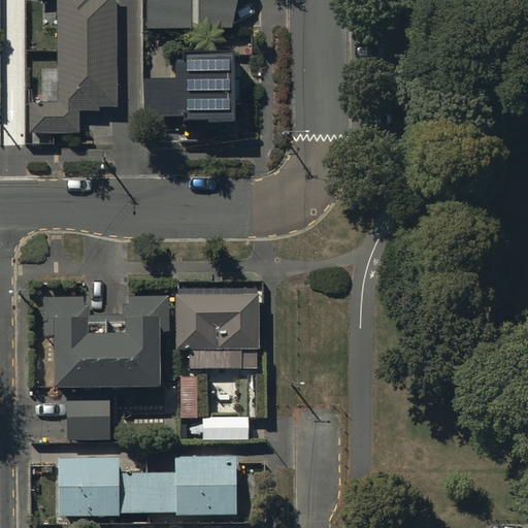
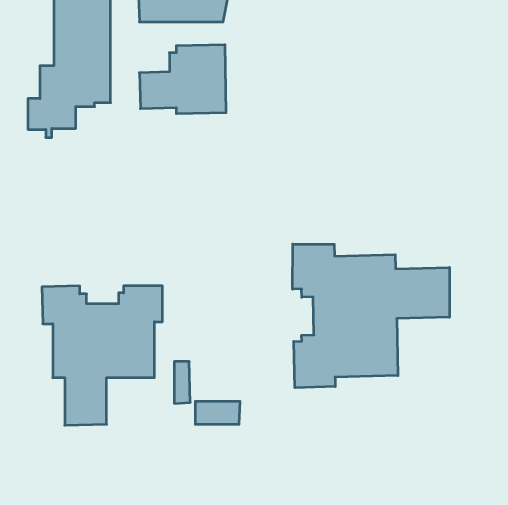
building: none -> [293,244,449,388]
building: [175,288,258,369] -> none
building: [59,443,237,516] -> none

